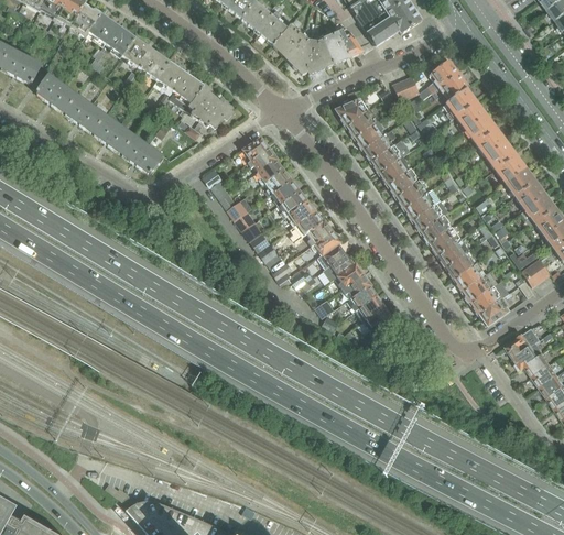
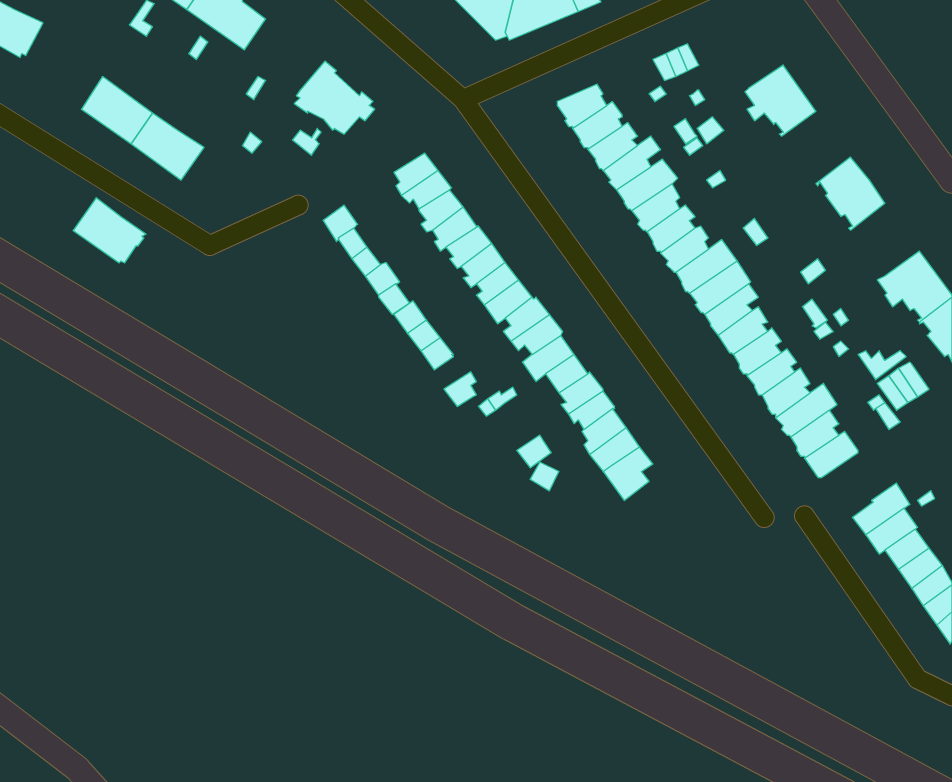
building: [420,57,468,100] -> none
building: [156,61,203,101] -> none
building: [35,74,75,112] -> none
building: [465,113,505,155] -> none
building: [120,134,162,172] -> [73,198,146,263]
building: [505,166,544,208] -> none

